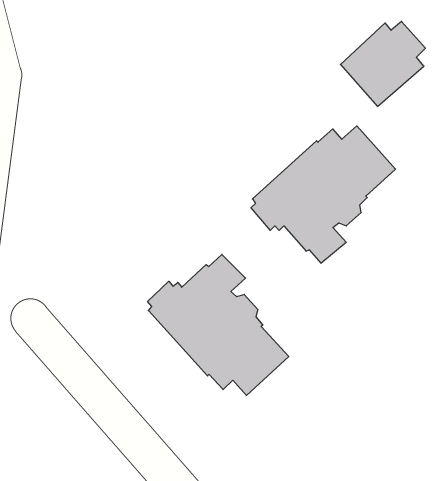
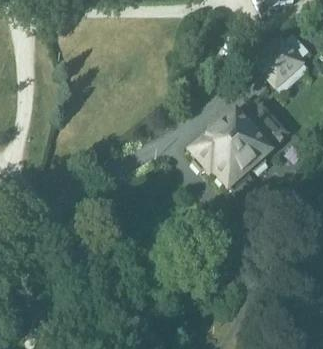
building: [148,254,289,395] -> none

